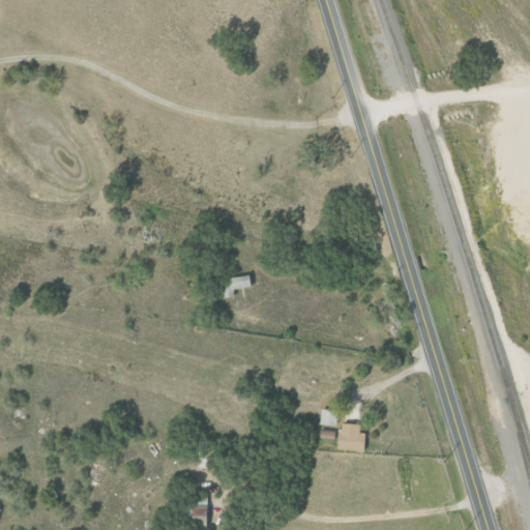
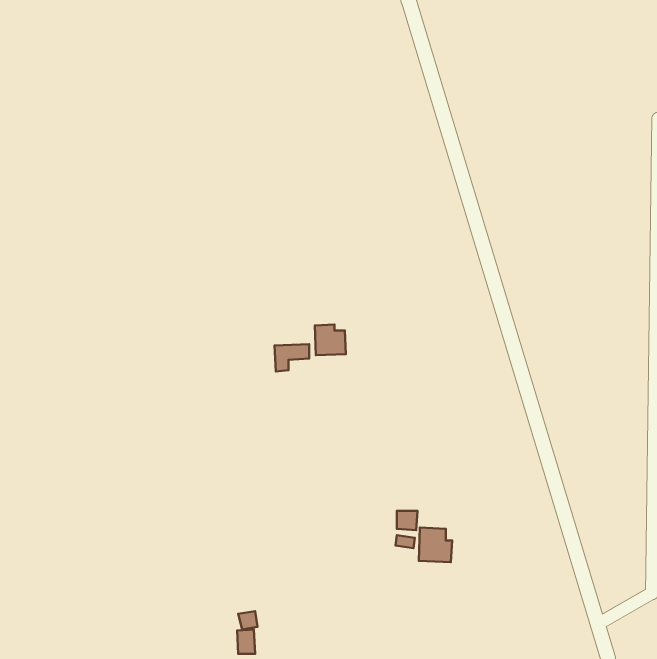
building: none -> [315,324,346,355]

